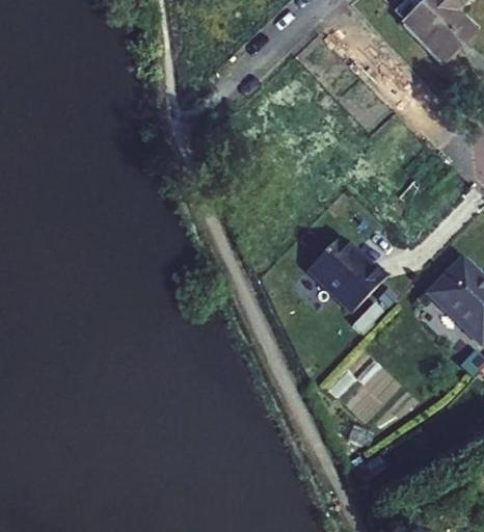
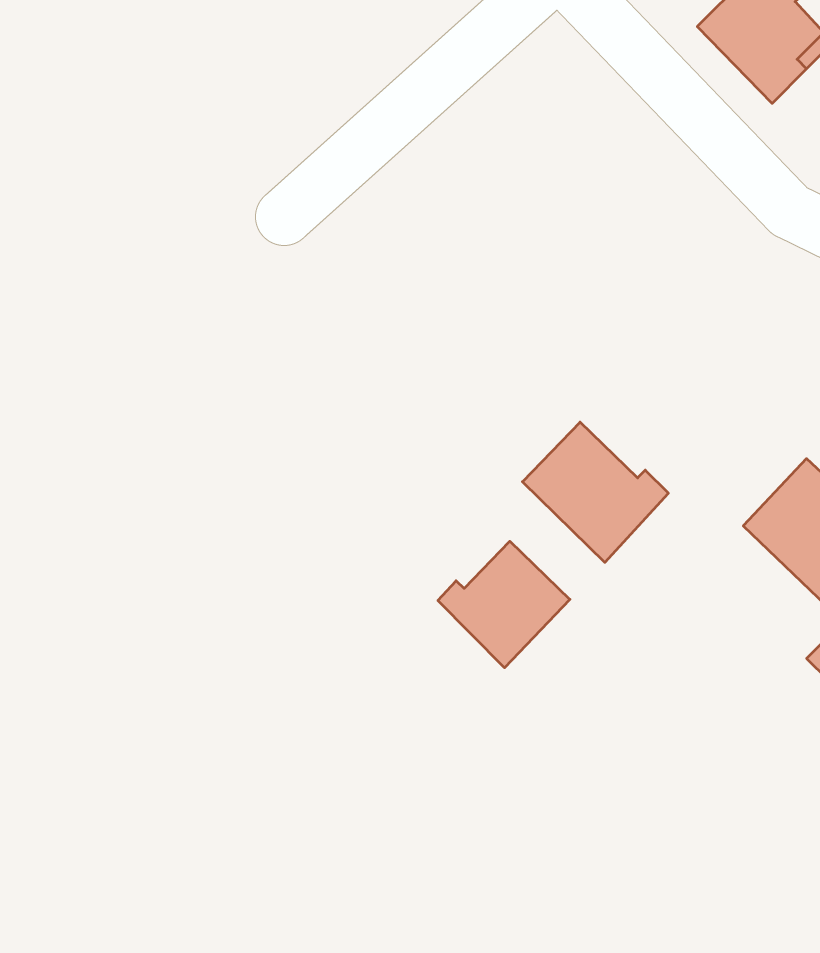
building: none -> [438,541,570,668]

